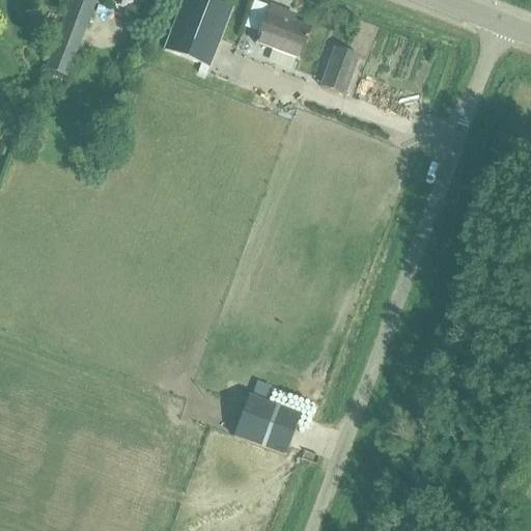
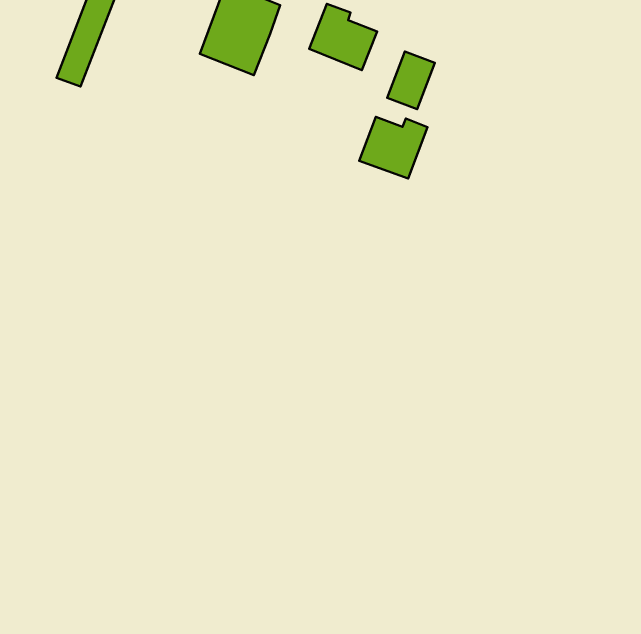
building: none -> [359,117,427,178]
building: [234,392,301,451] -> none

